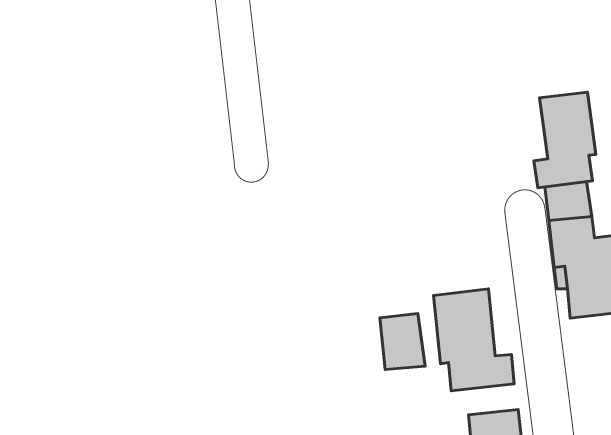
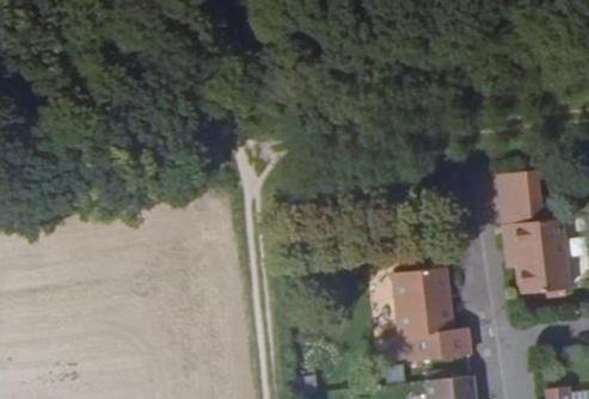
building: [534,92,596,188] -> none
building: [380,313,425,369] -> none

